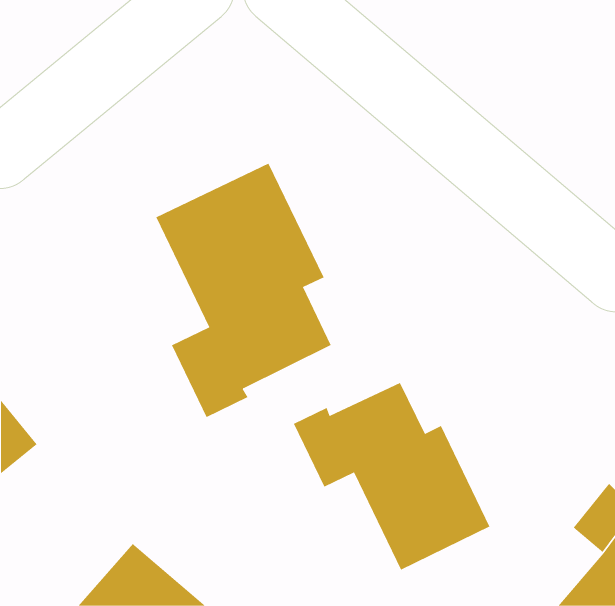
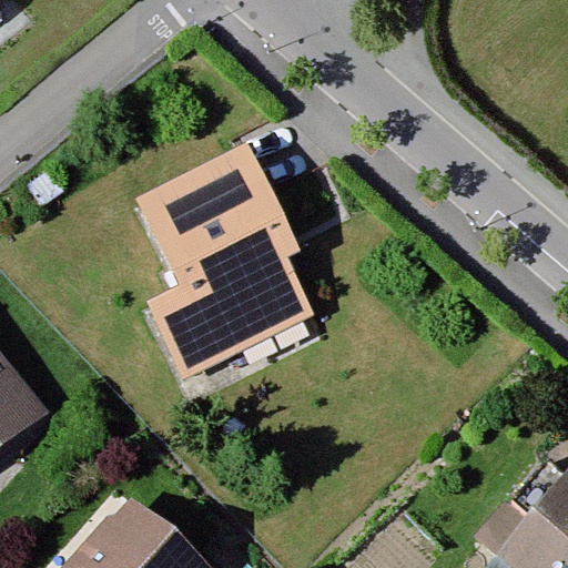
building: [293,382,490,570] -> none

